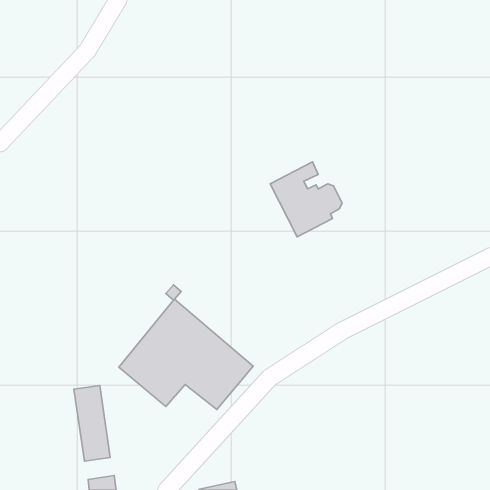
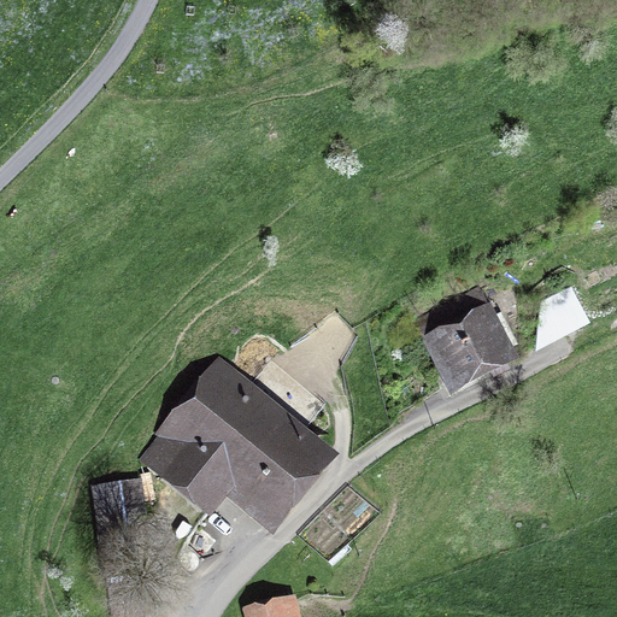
building: [270,162,342,237] -> [425,292,516,386]

